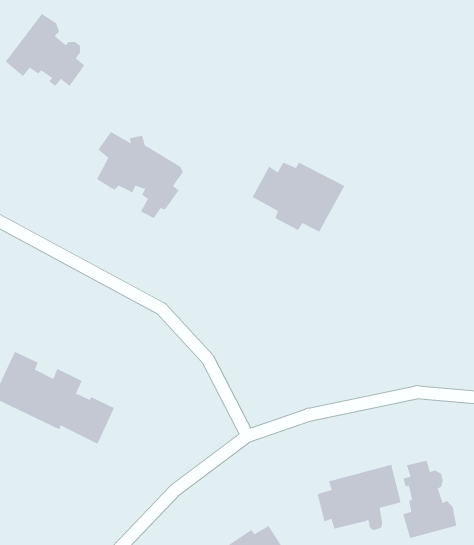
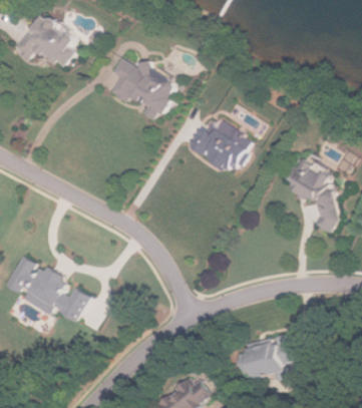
building: [96,131,184,219] -> [110,59,172,121]
building: none -> [290,156,342,233]
building: [402,460,457,539] -> none

